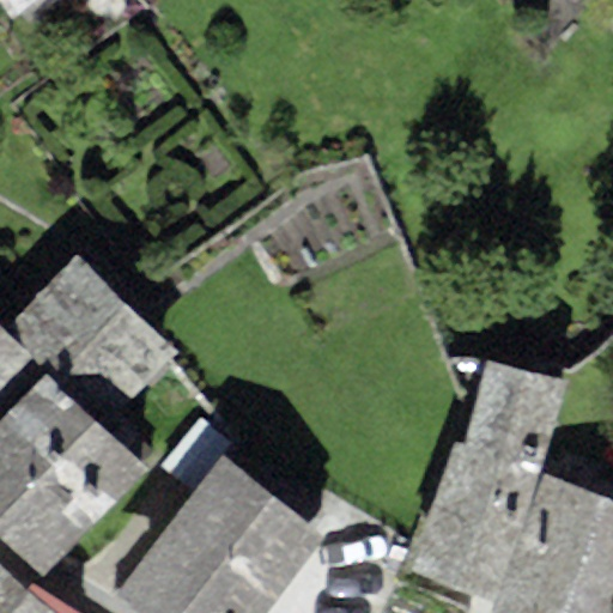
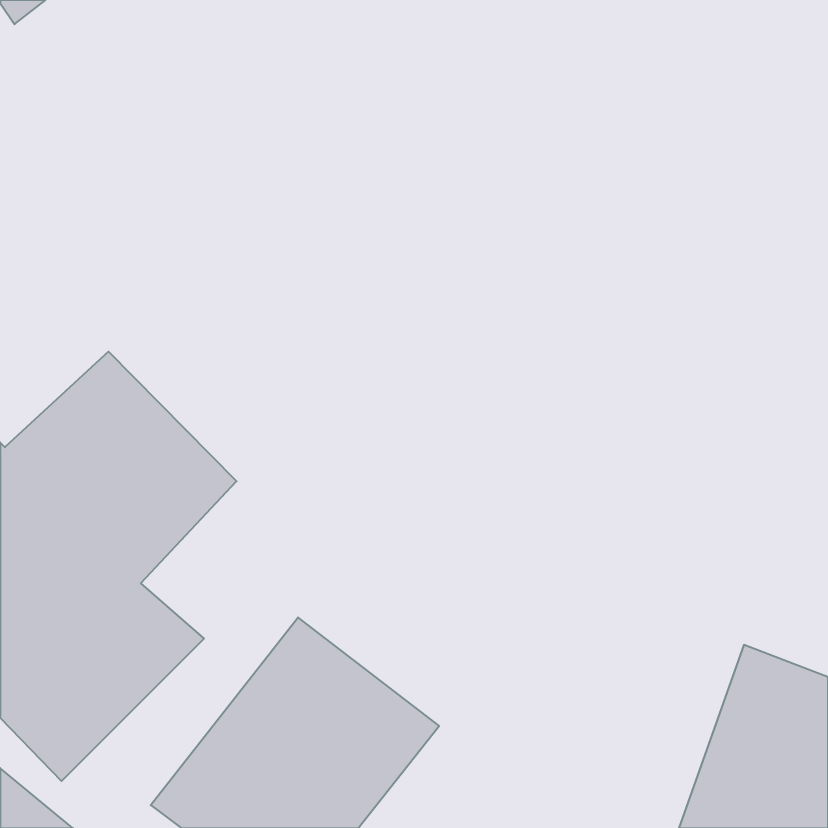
building: [411,358,566,600] -> none

